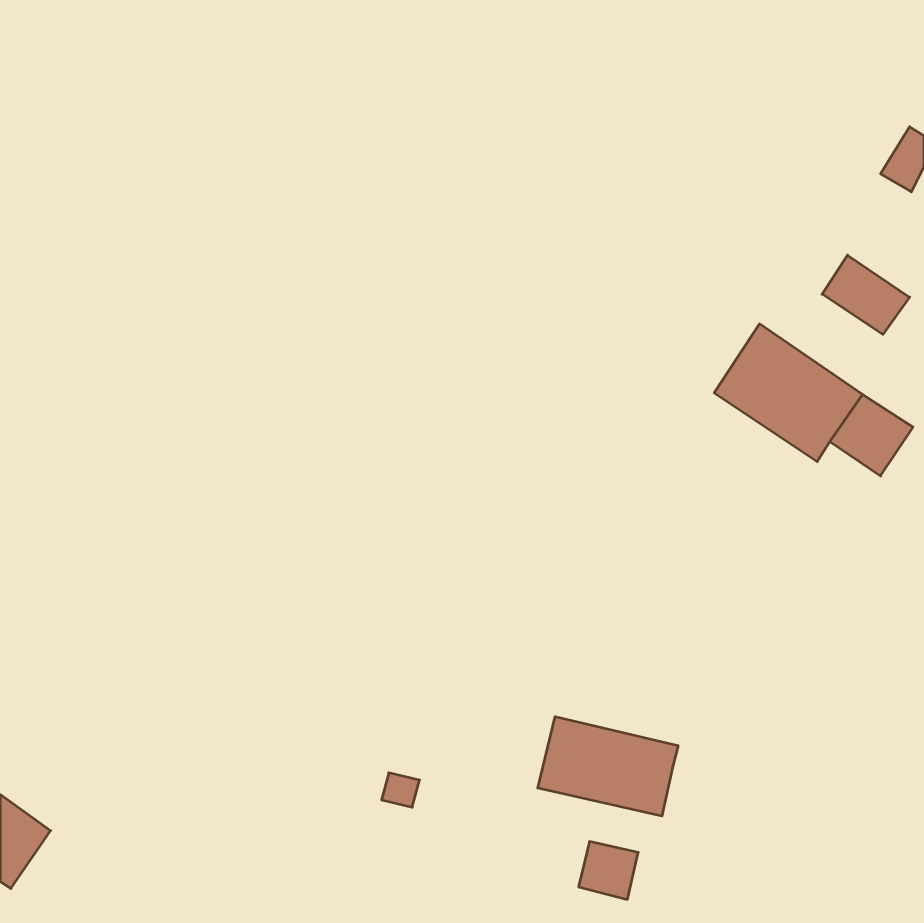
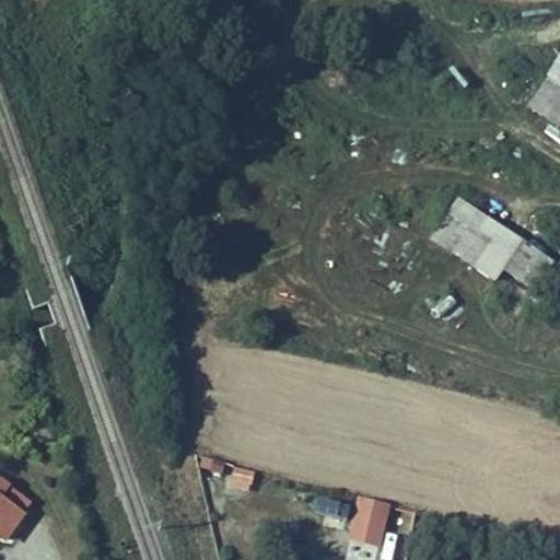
building: [822,255,910,334] -> none
building: [538,717,678,816] -> none

